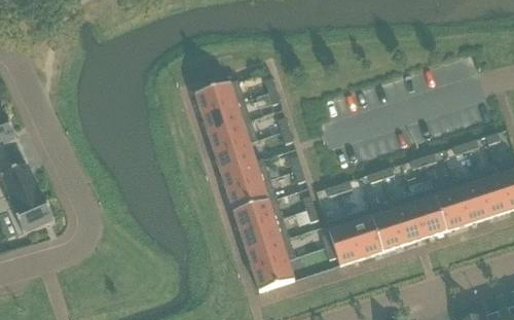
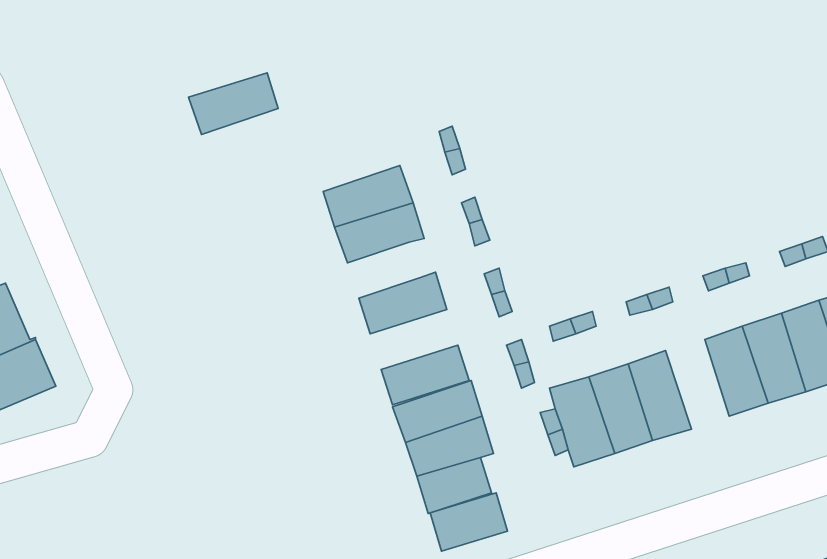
building: [194,80,244,114] -> [189,73,278,135]
building: [215,142,255,173] -> none
building: [227,179,276,212] -> none
building: [390,195,425,245] -> none
building: none -> [430,493,508,551]

